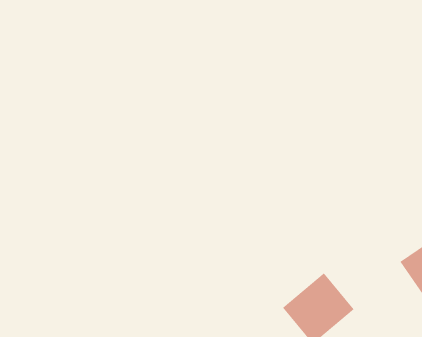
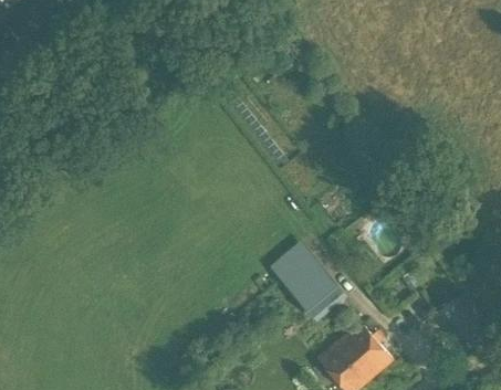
building: none -> [276,250,340,314]

